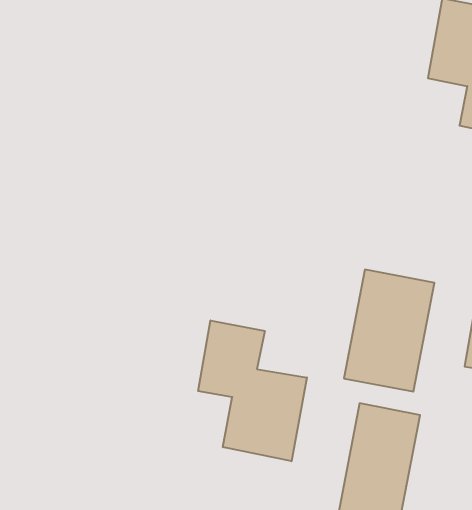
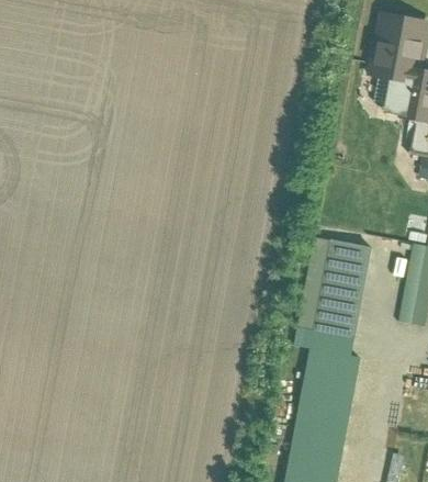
building: [198,320,307,461] -> none

